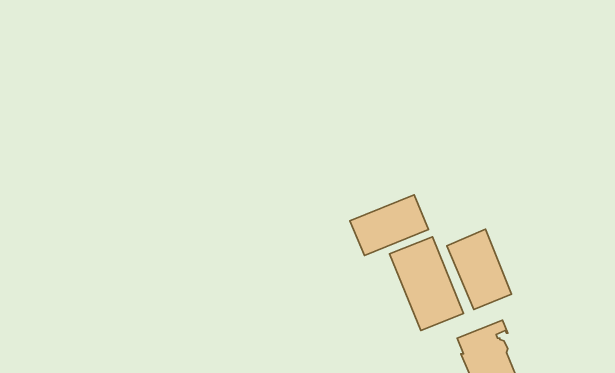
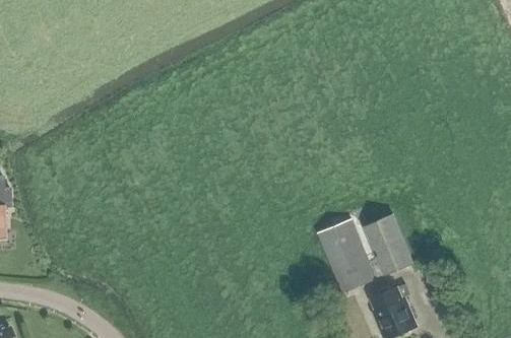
building: [350,195,429,255] -> none

